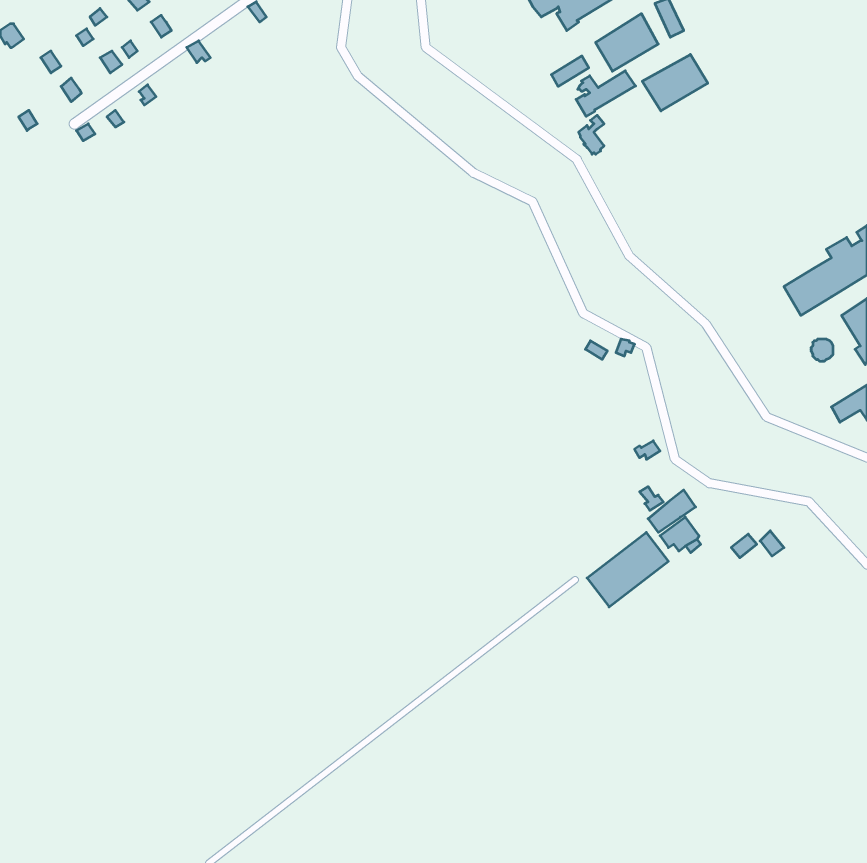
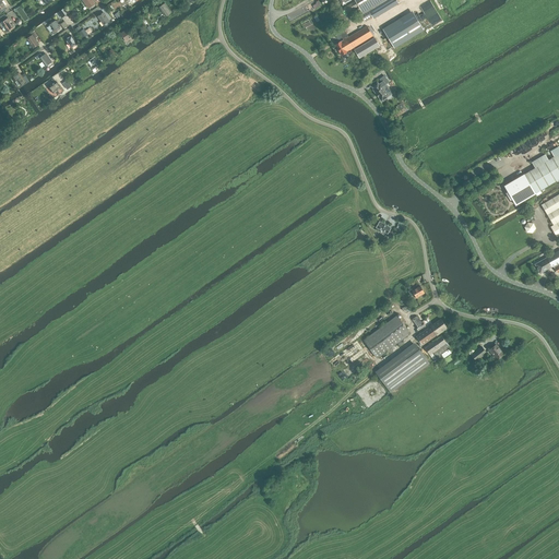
building: [642,54,708,111] -> none
building: [576,71,636,116] -> [335,24,373,53]
building: none -> [364,313,411,356]

